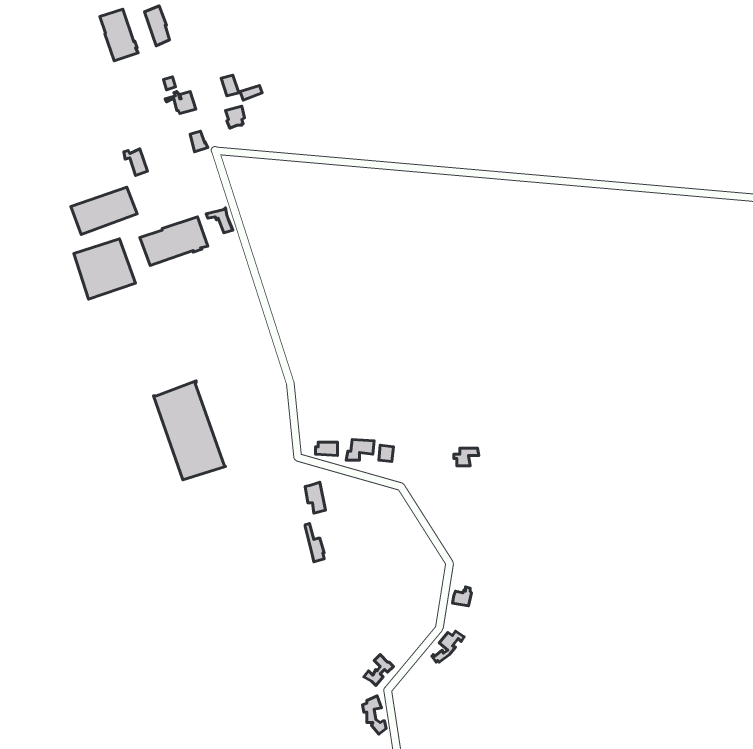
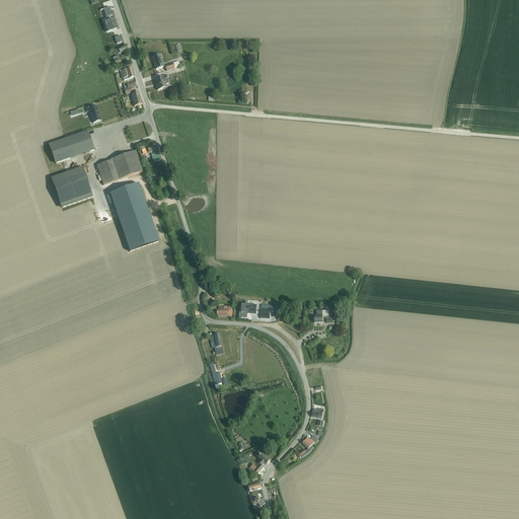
building: [100,9,138,61] -> none
building: [153,381,226,480] -> [109,180,159,248]

